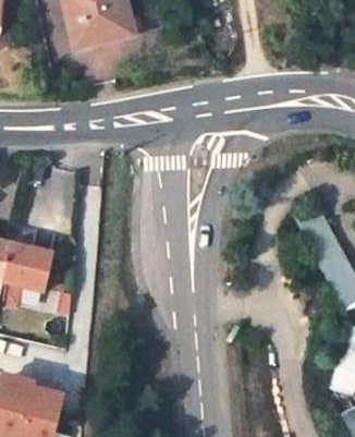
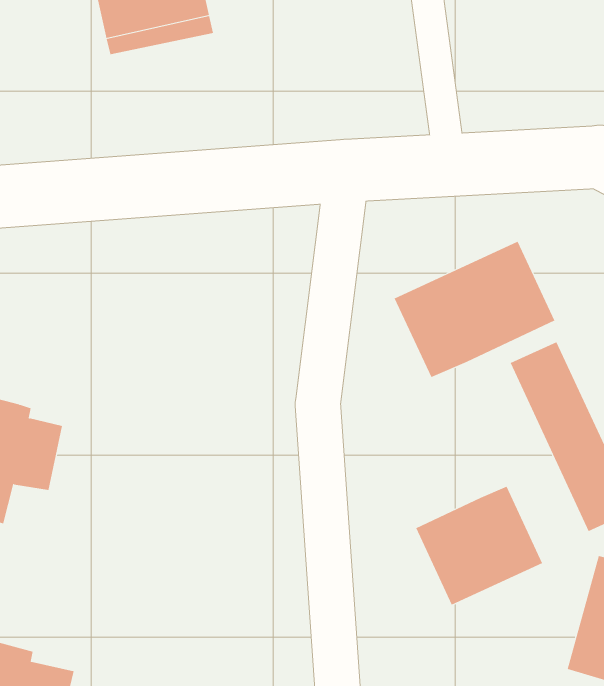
building: none -> [394,241,555,378]
building: none -> [416,486,543,605]

